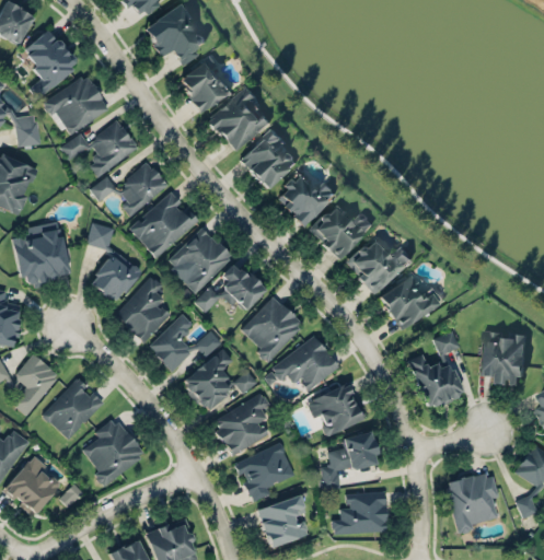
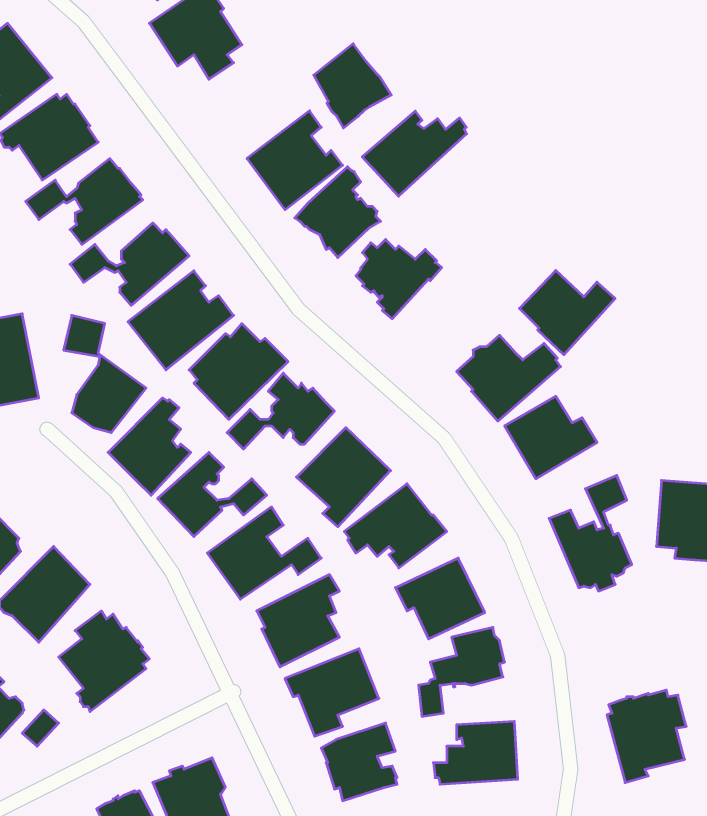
building: [181,55,232,110] -> [314,44,391,128]
building: none -> [362,111,467,196]
building: [311,206,374,261] -> [519,270,615,355]

